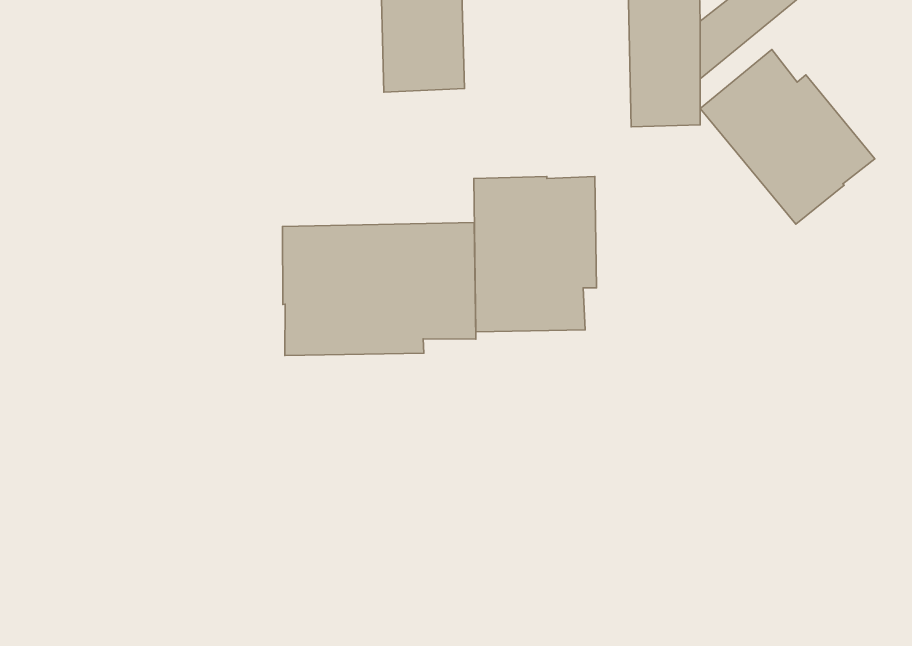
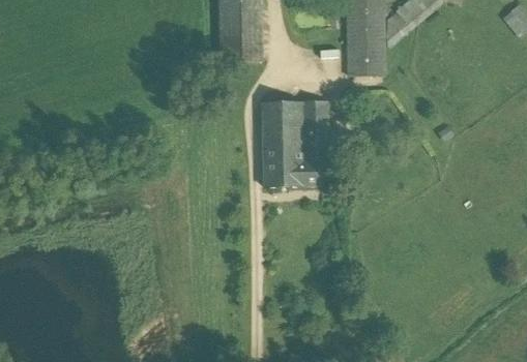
building: [700,50,875,224] -> none
building: [282,222,476,356] -> none

